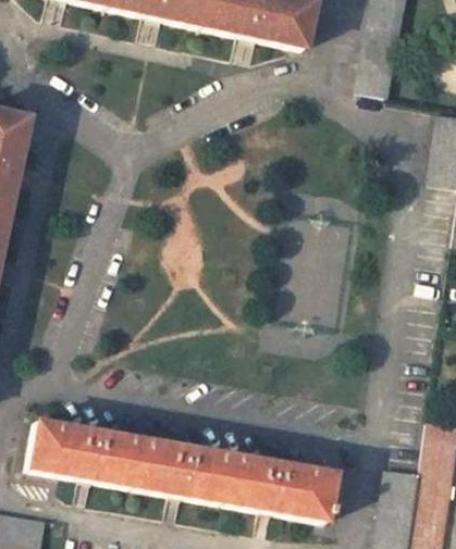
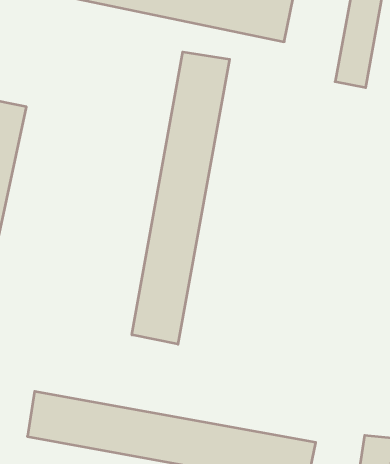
building: none -> [132,52,230,344]

